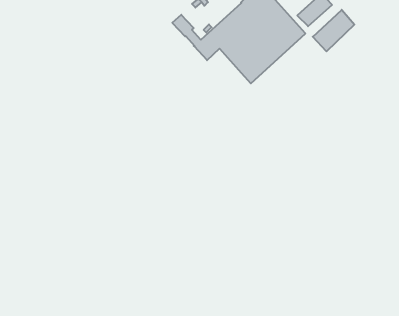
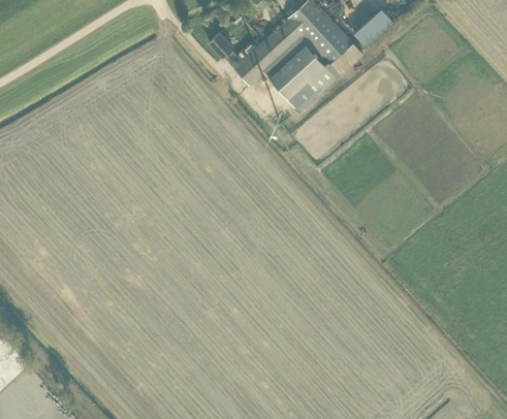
building: [313,10,354,51] -> none

